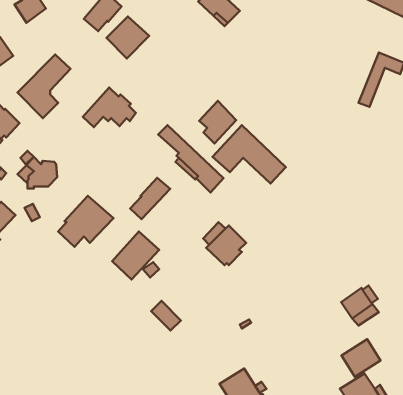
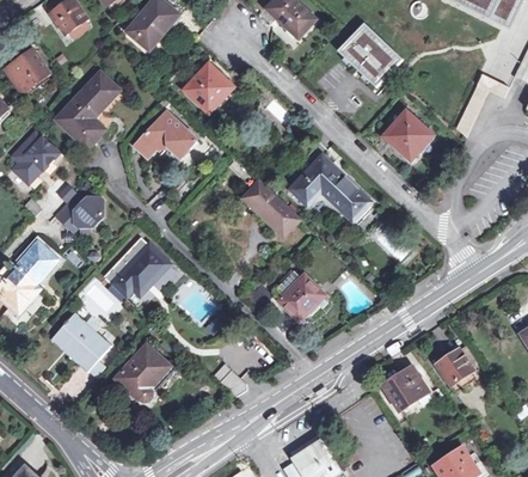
building: none -> [339,26,403,92]
building: [106,16,149,58] -> [185,66,235,115]
building: none -> [383,114,432,163]
building: [199,101,236,144] -> none
building: [130,178,170,219] -> none
building: [112,231,159,279] -> [116,345,171,402]
building: none -> [49,313,105,367]
building: [342,339,380,377] -> [383,366,429,410]

